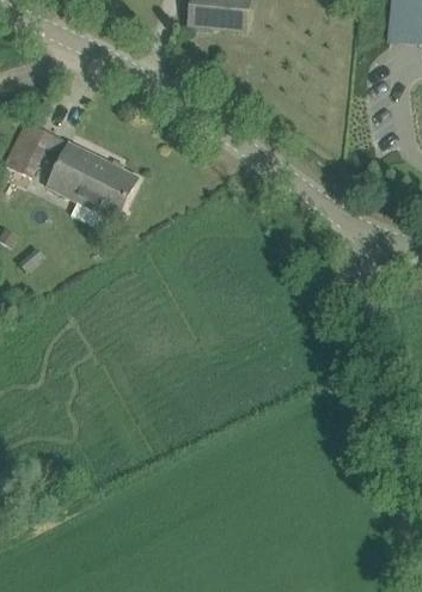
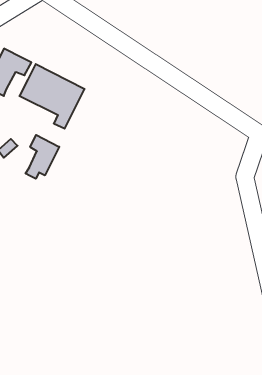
building: none -> [26,135,59,179]

